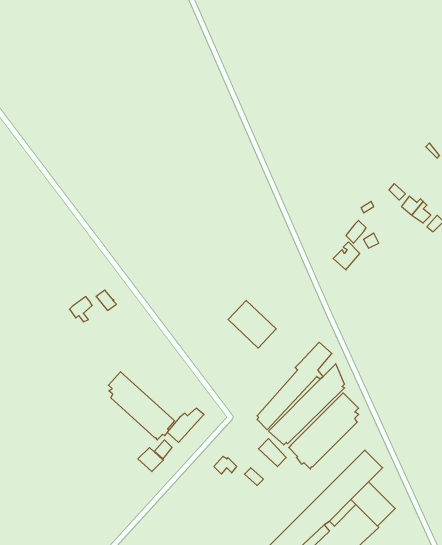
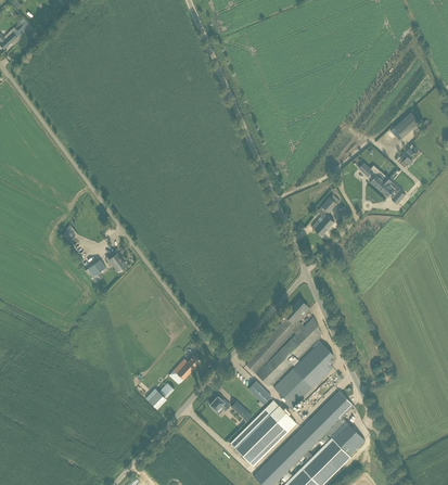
building: [228,300,276,348] -> none
building: [108,372,175,440] -> none
building: none -> [230,399,296,465]

